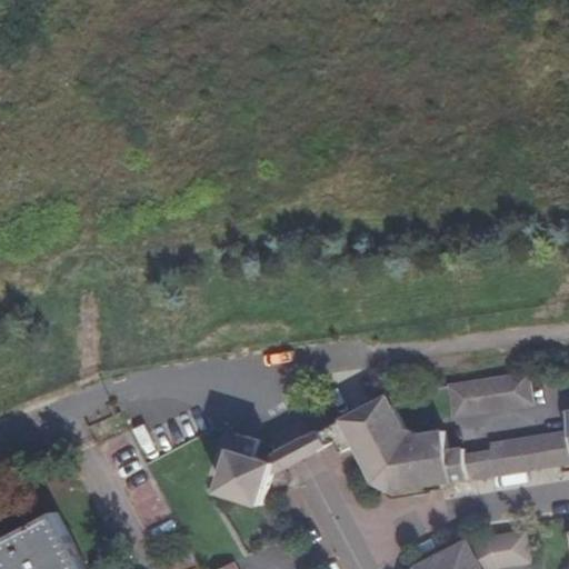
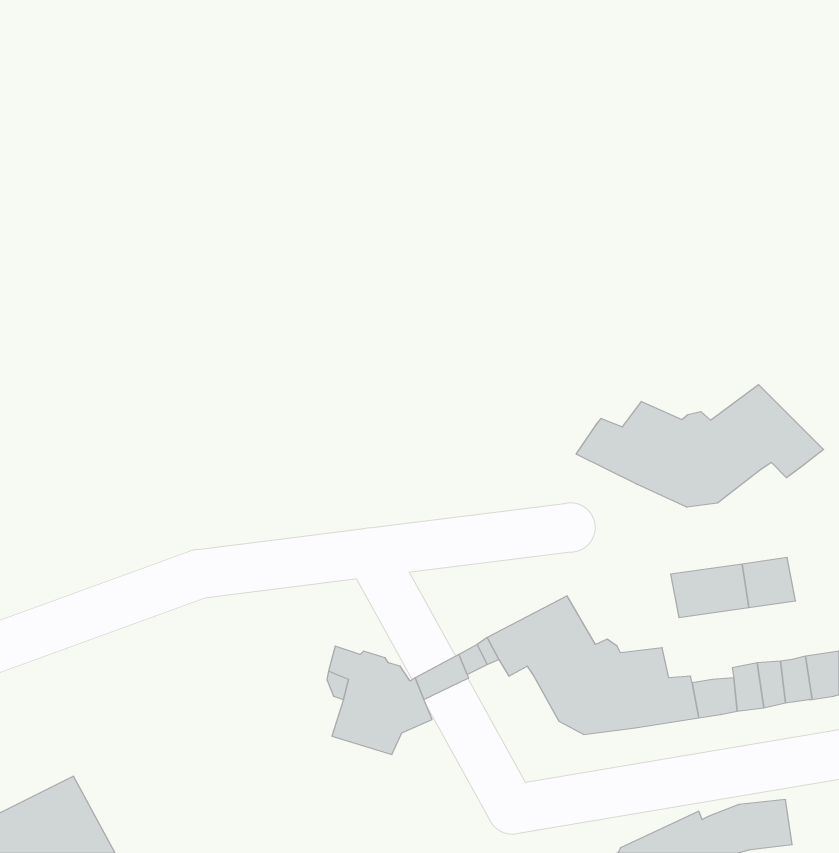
building: none -> [576,385,824,507]

